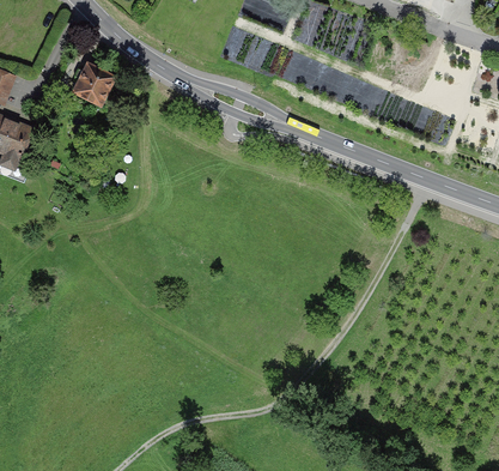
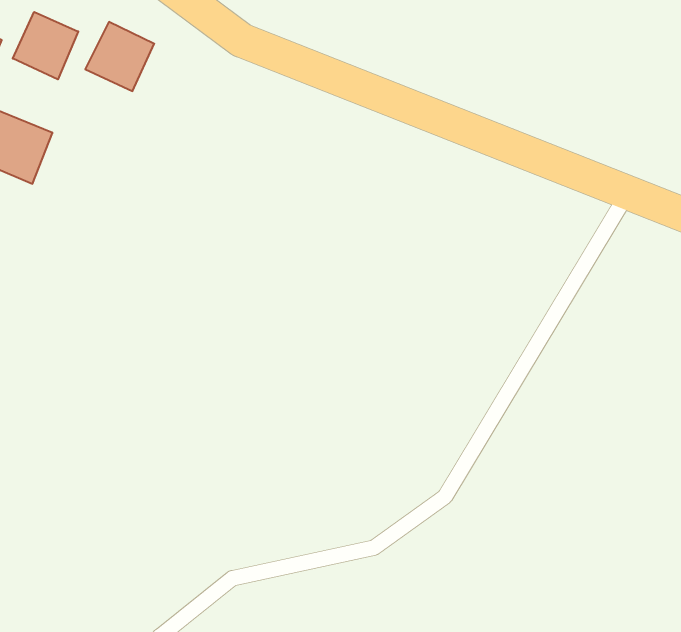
building: none -> [13,12,78,79]

